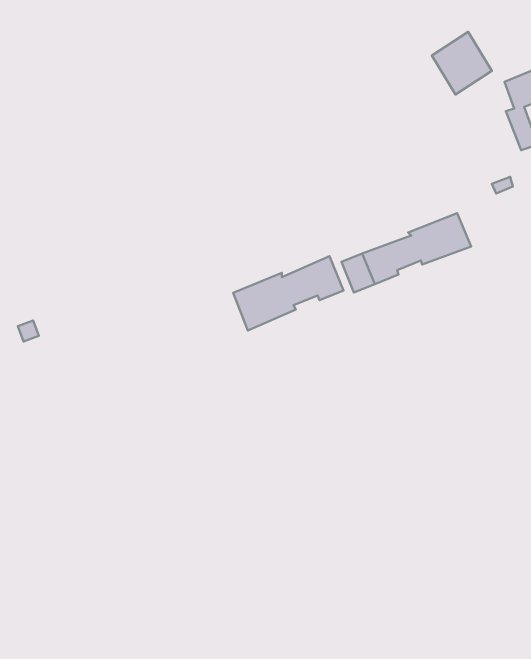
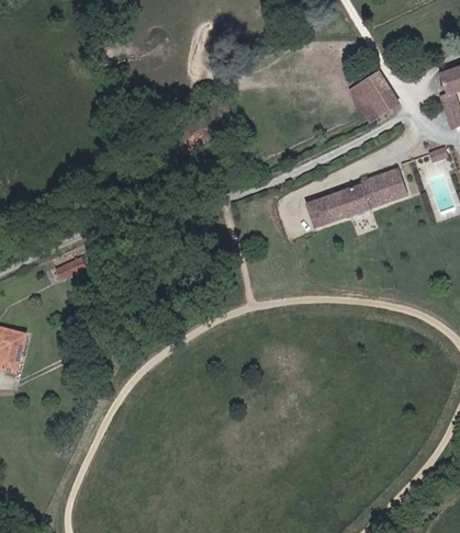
building: [432,32,492,95] -> [351,67,399,116]
building: [233,256,343,331] -> none

